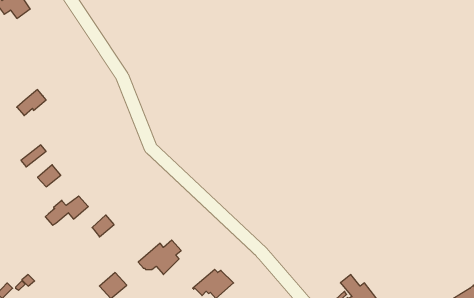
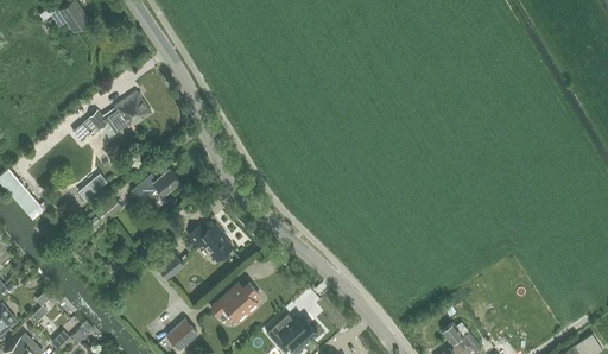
building: none -> [107,90,150,129]
building: none -> [188,222,232,259]
building: [45,196,88,225] -> [131,167,179,201]

